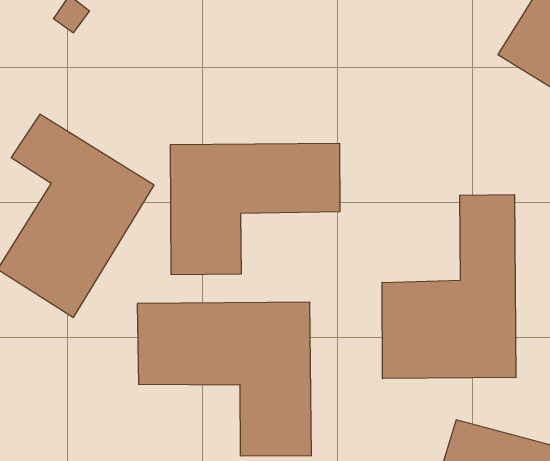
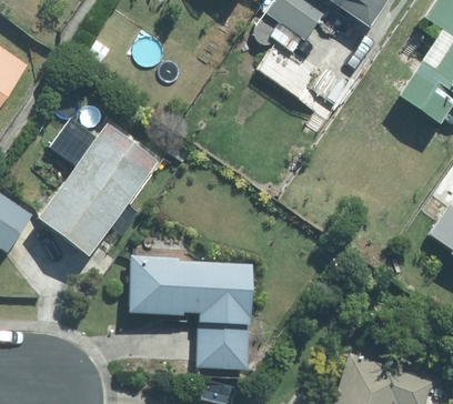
building: [171,143,340,275] -> none
building: [382,195,516,379] -> none

